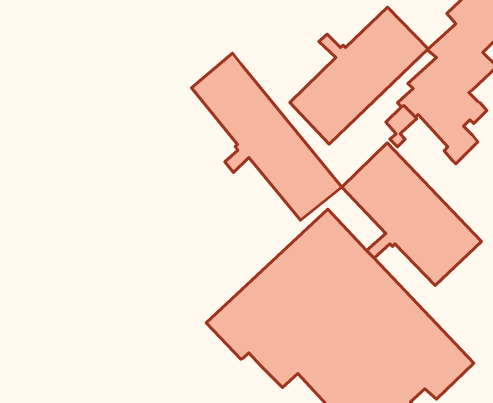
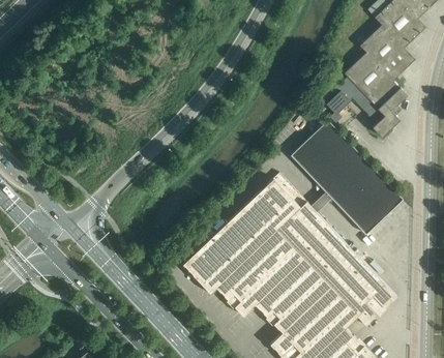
building: [290,7,428,144] -> none
building: [192,53,342,220] -> none

